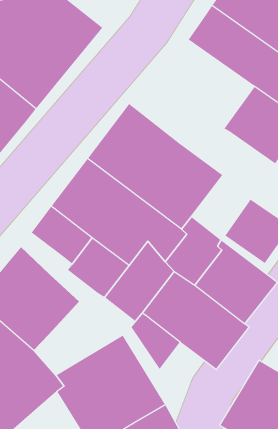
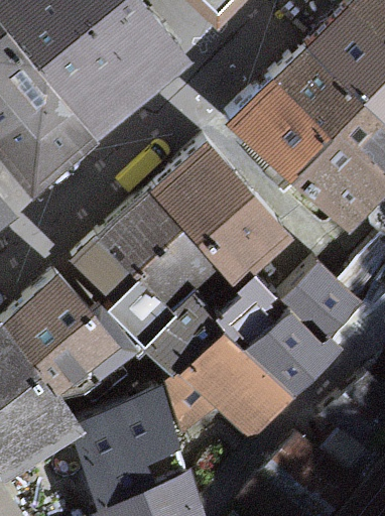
building: none -> [234,80,338,181]

